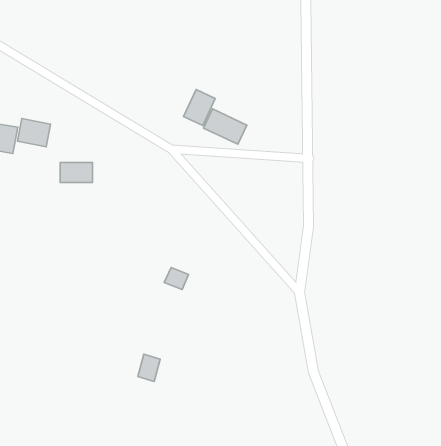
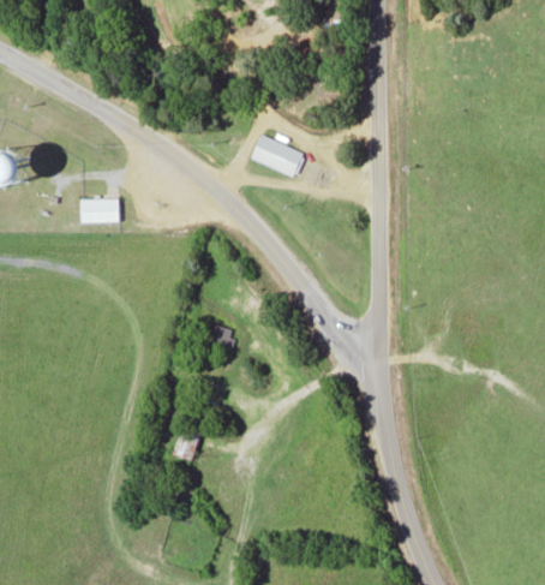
building: [184,90,215,125] -> none
building: [18,119,50,147] -> none

